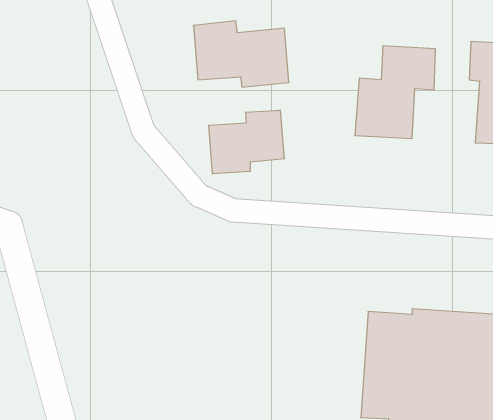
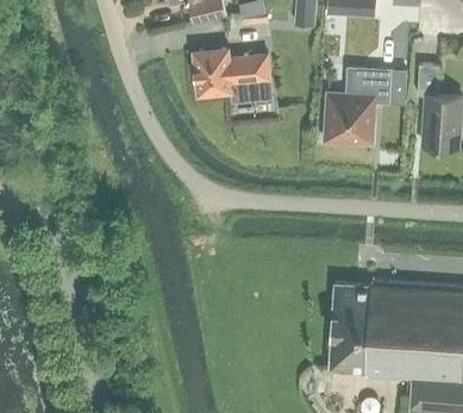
building: [209,110,284,174] -> none

